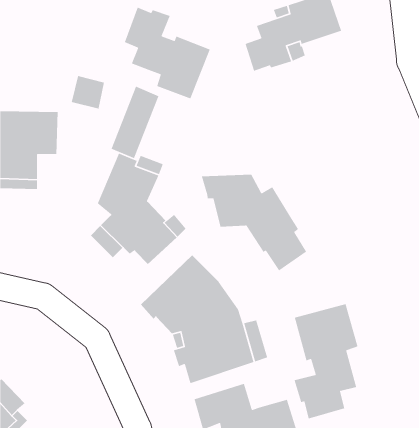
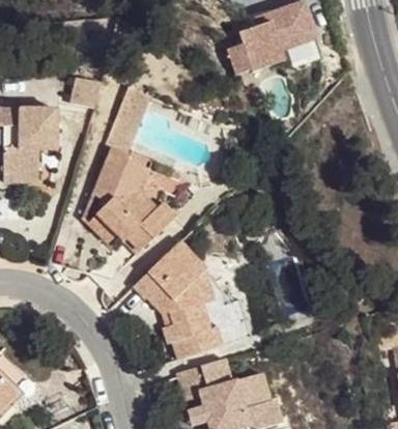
building: [124,6,211,100] -> none
building: [201,174,307,272] -> none
building: [294,303,358,419] -> none

